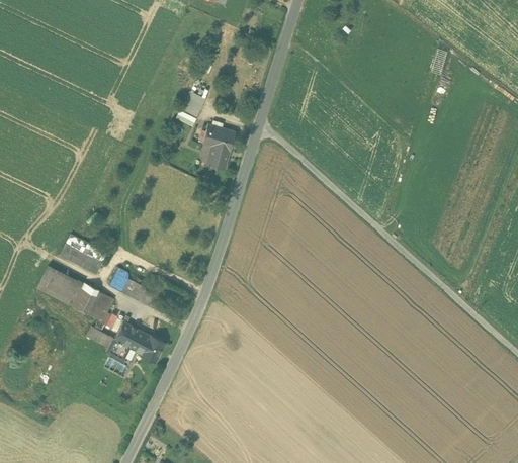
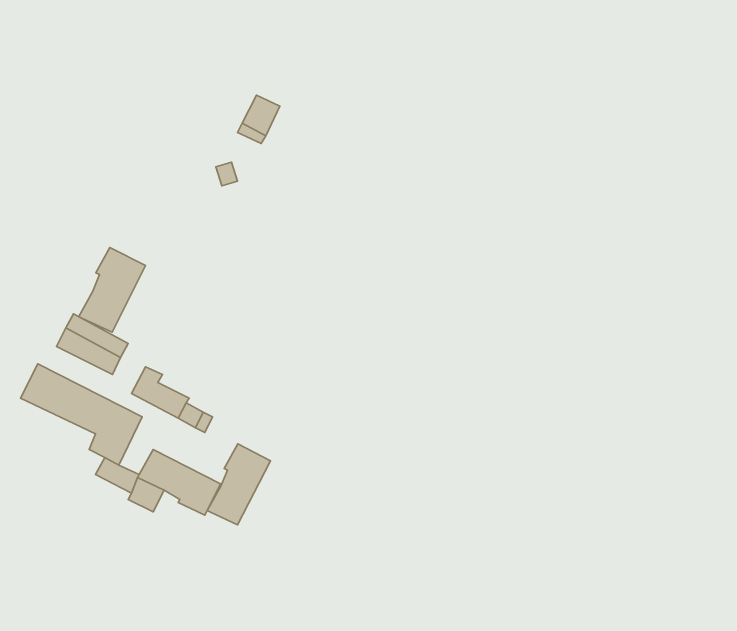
building: [203,124,237,170] -> none
building: none -> [79,247,145,332]
building: none -> [207,444,270,525]

